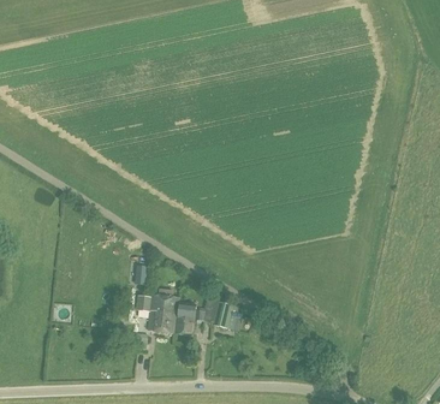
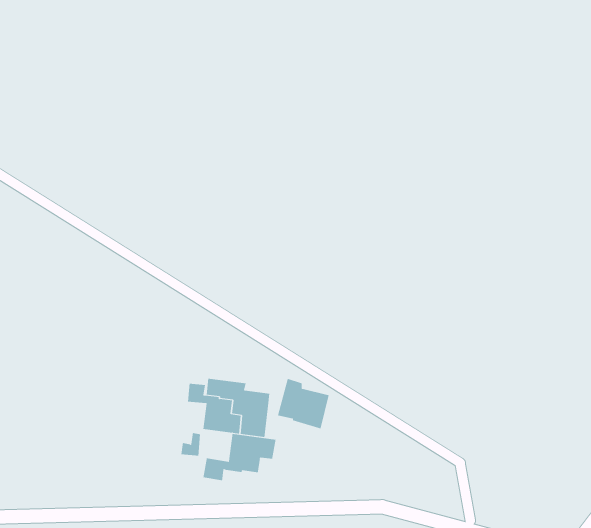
building: none -> [203,433,276,481]

